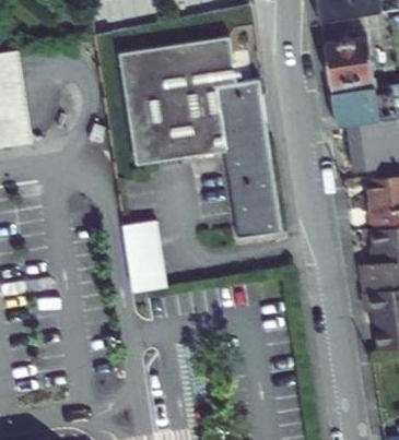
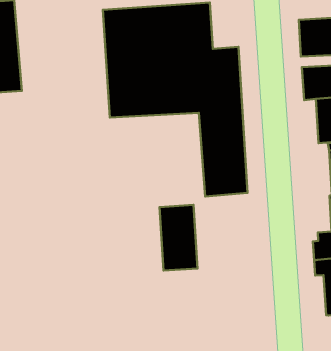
building: [121,222,166,293] -> [160,205,197,271]

